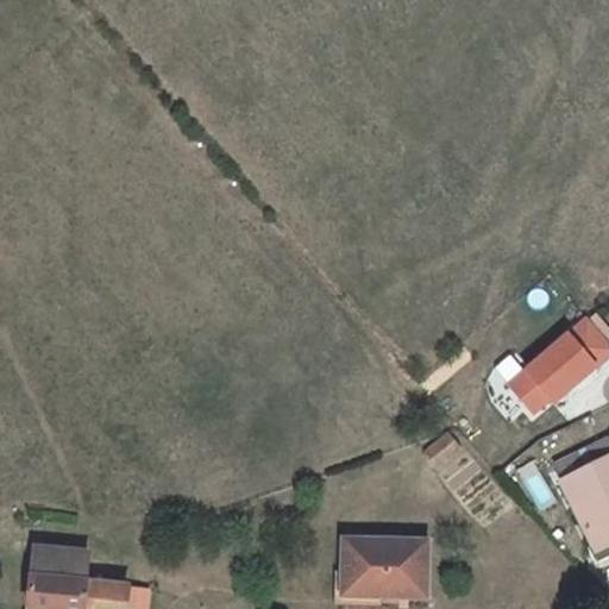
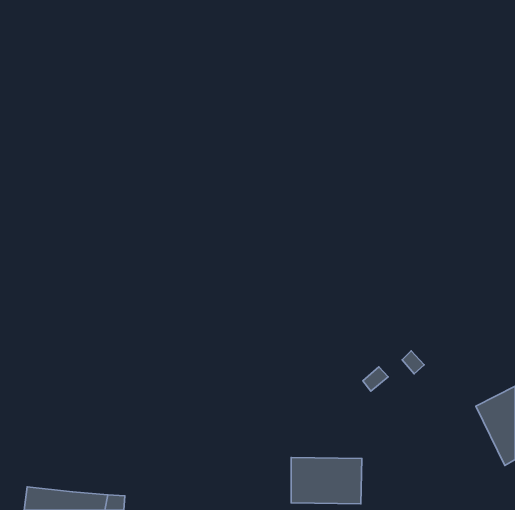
building: [508,327,603,410] -> none
building: [32,548,89,580] -> none

